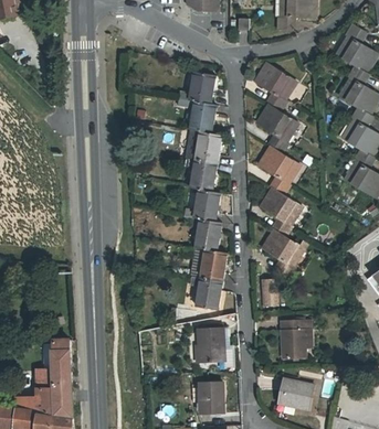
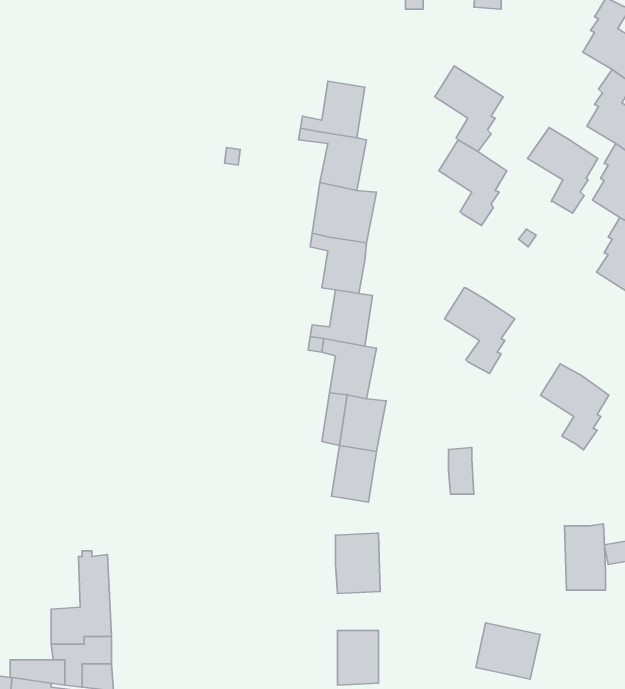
building: [259,147,298,195] -> [528,127,598,213]
building: [263,230,302,279] -> [541,364,609,450]
building: [282,320,305,357] -> [564,524,605,590]

